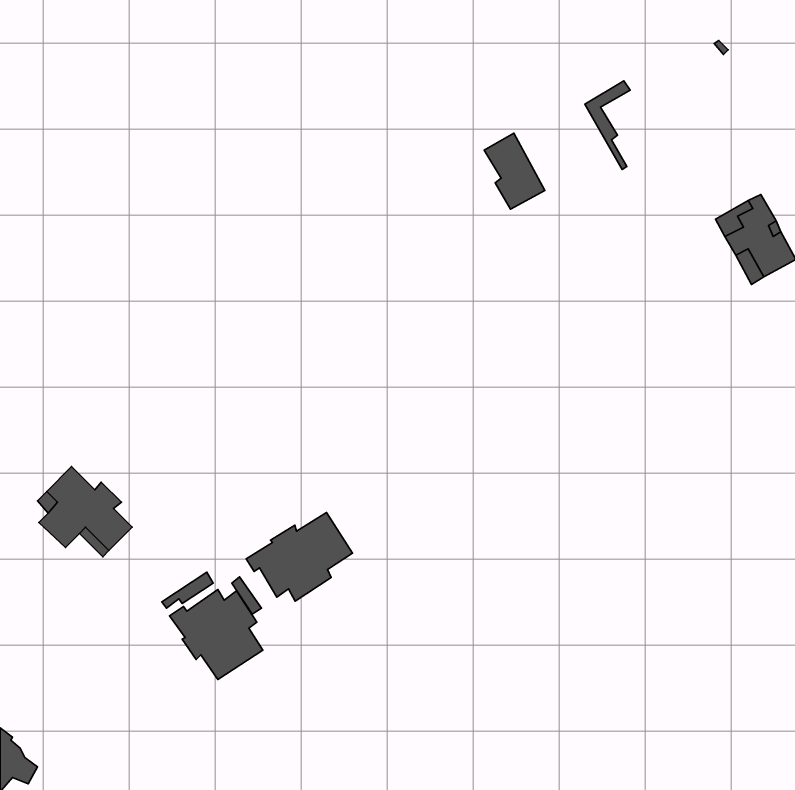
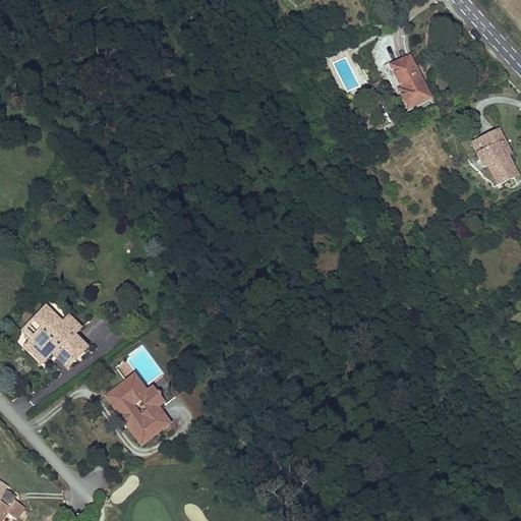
building: [484,133,545,209] -> [393,59,432,109]
building: [246,513,353,601] -> none

